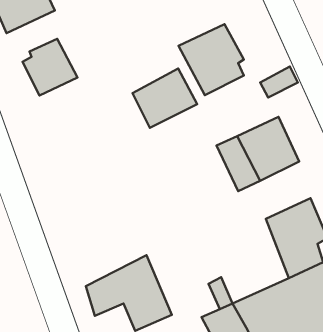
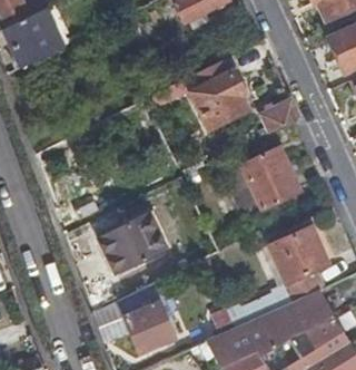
building: [23,39,77,95] -> none
building: [133,69,197,128] -> none
building: none -> [101,211,169,271]

